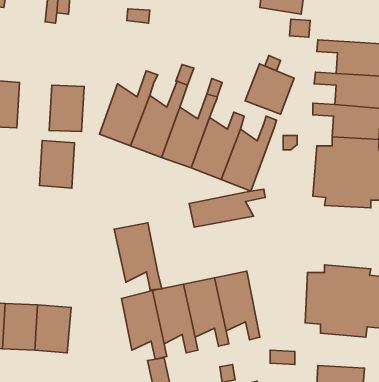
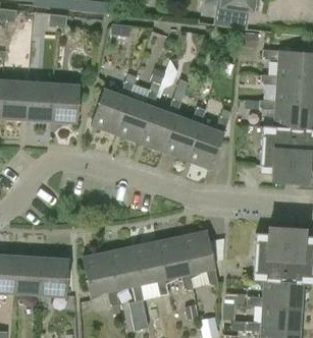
building: [245,64,294,114] -> none
building: [40,140,74,188] -> [25,82,53,120]
building: [189,189,265,227] -> none
building: [114,223,162,290] -> [82,252,119,305]
building: none -> [247,280,301,307]

